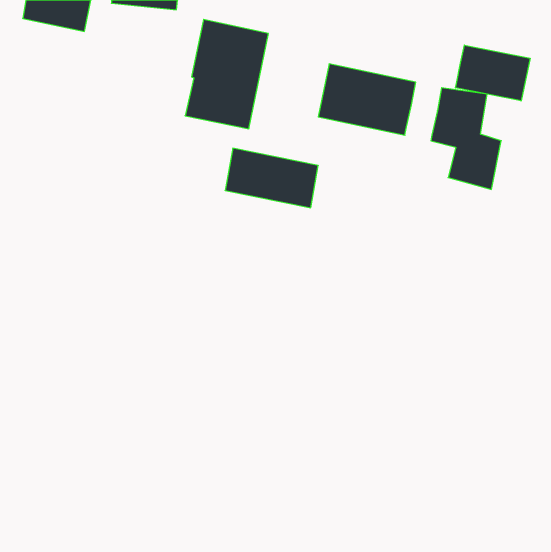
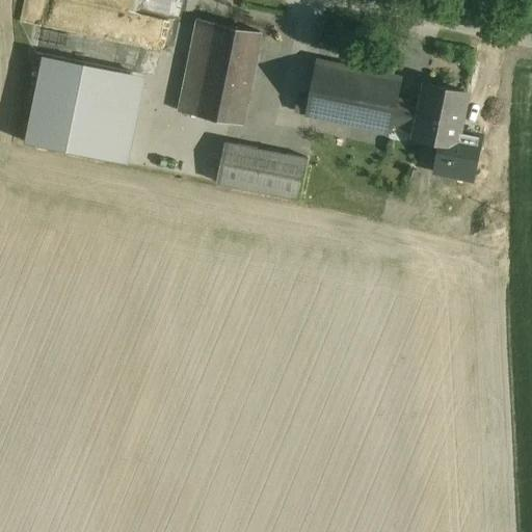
building: [455,45,530,101] -> none
building: none -> [24,55,143,163]
building: none -> [390,102,420,131]

